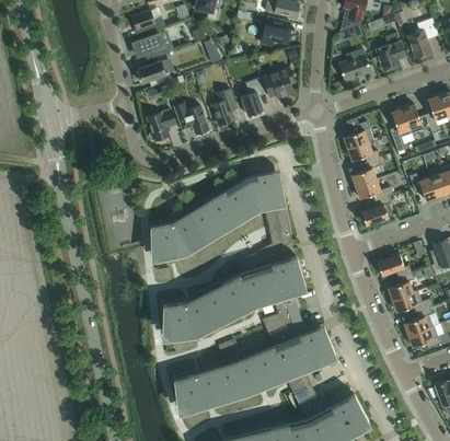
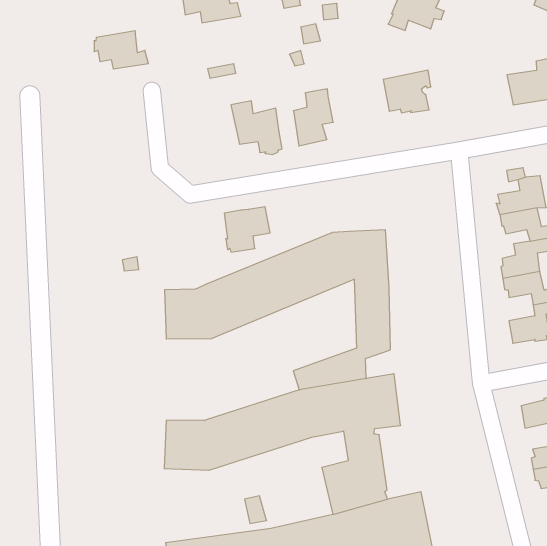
building: [137,62,172,88] -> [94,31,148,69]
building: [241,79,266,116] -> none
building: [147,111,176,141] -> [224,207,270,252]

